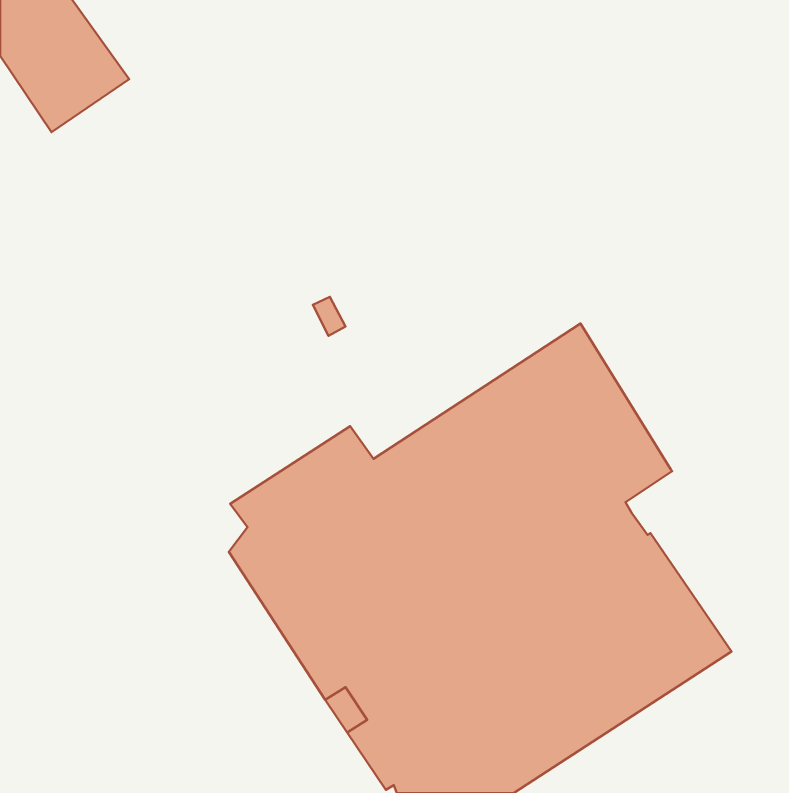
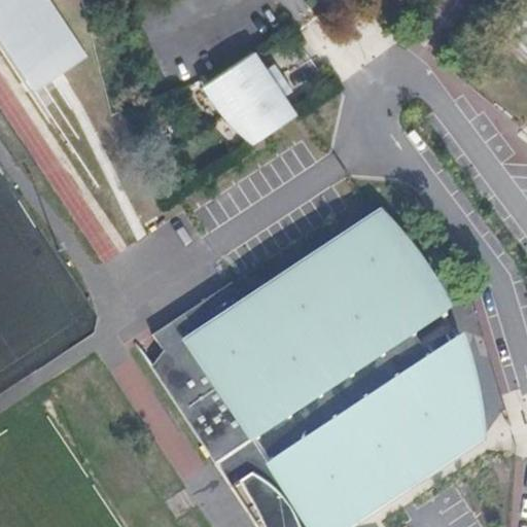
building: none -> [206,50,301,142]
building: none -> [422,319,489,431]

